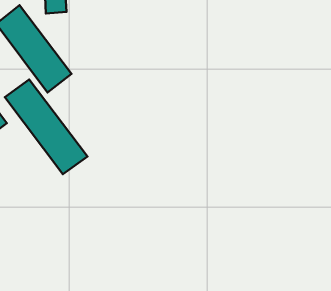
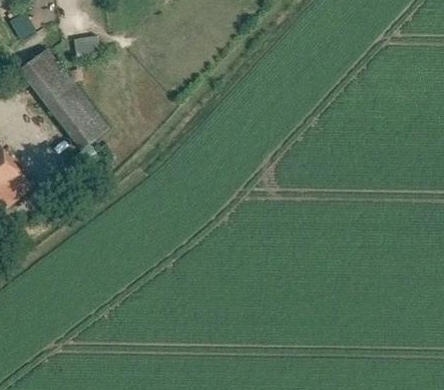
building: [5,79,88,174] -> none

